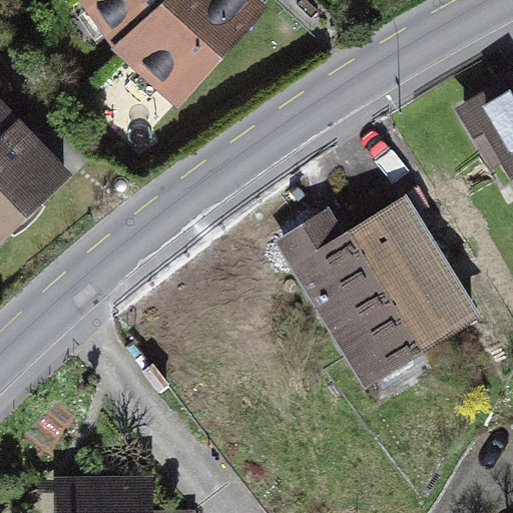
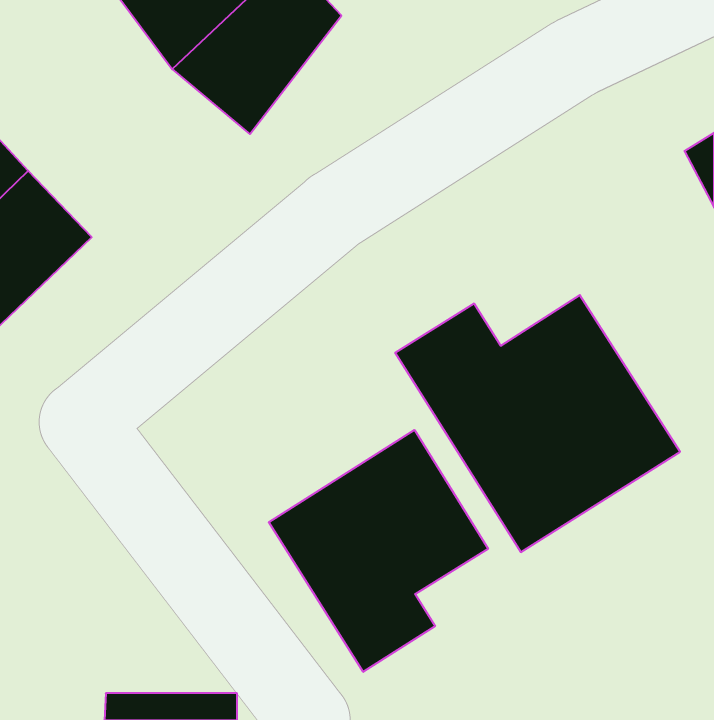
building: none -> [269,430,488,672]

